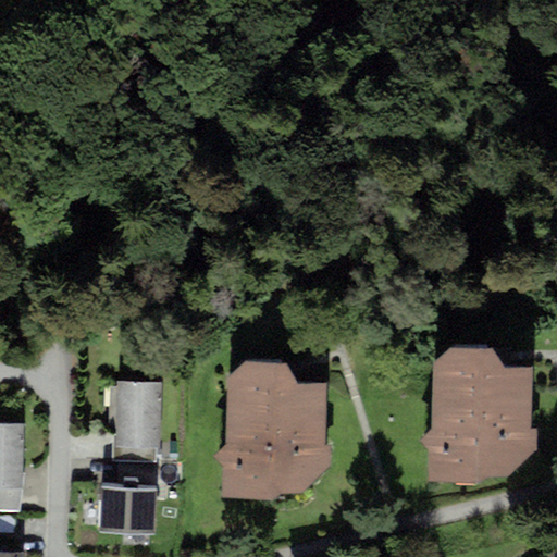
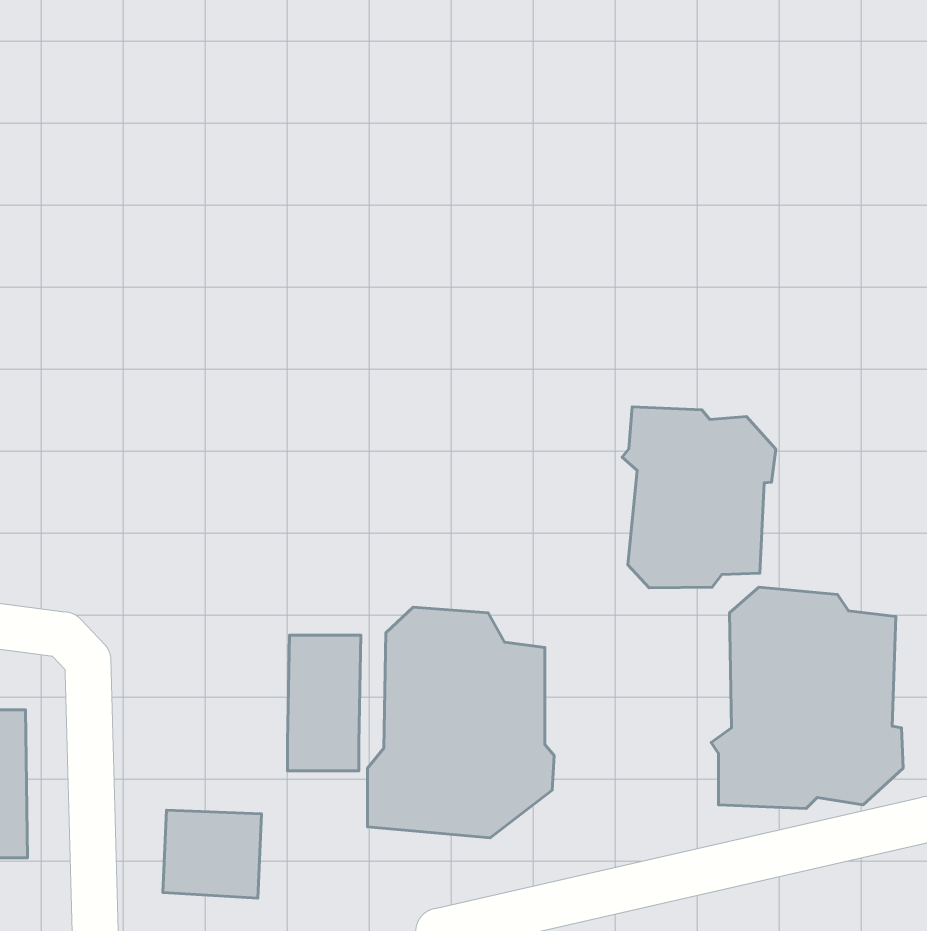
building: none -> [622,407,776,588]
building: [111,380,154,460] -> [288,635,361,771]

